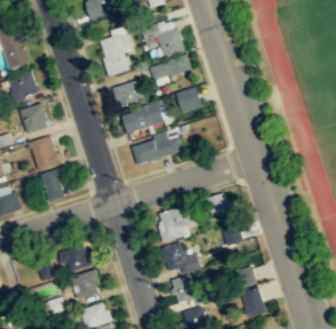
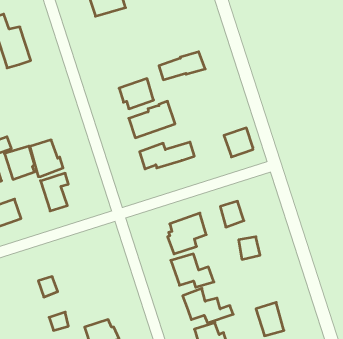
building: [141,25,184,57] -> none
building: [99,33,129,76] -> none
building: [6,70,38,103] -> none
building: [175,86,202,113] -> [224,128,253,157]
building: [18,103,46,134] -> [4,146,35,179]
building: [57,244,93,272] -> none
building: [230,266,256,290] -> none
building: [70,269,99,300] -> none

